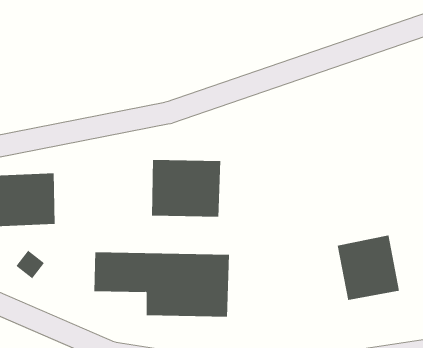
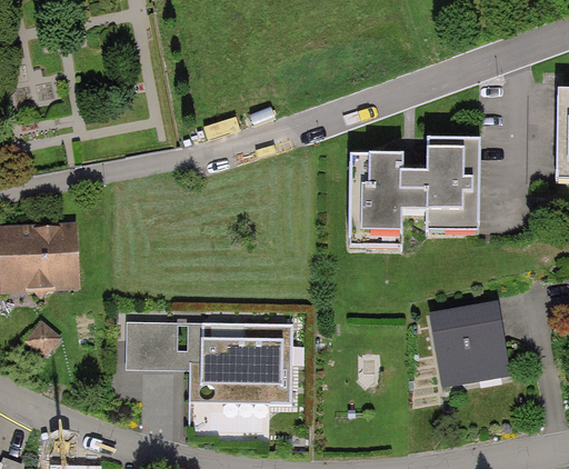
building: none -> [348,141,481,242]
building: [151,159,221,218] -> none

